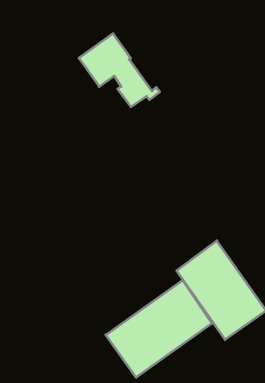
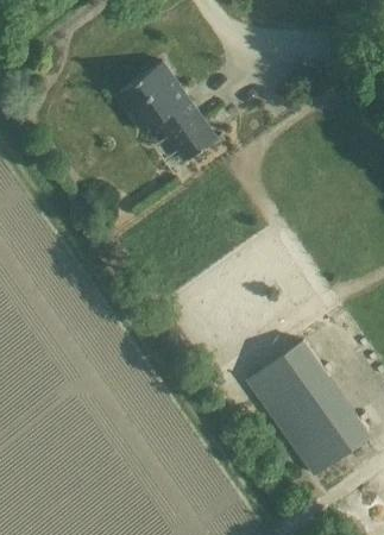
building: [106,280,212,377] -> none

